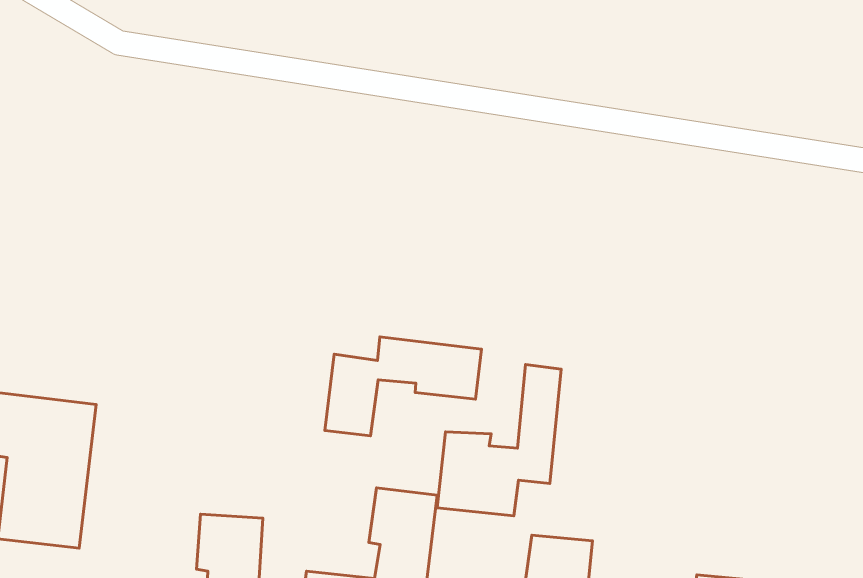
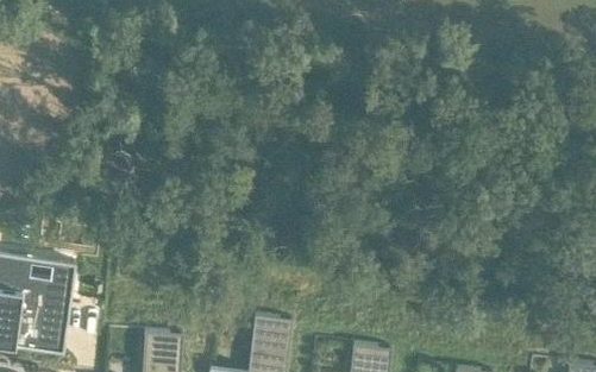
building: [325,337,481,436] -> none
building: [437,365,561,516] -> none

